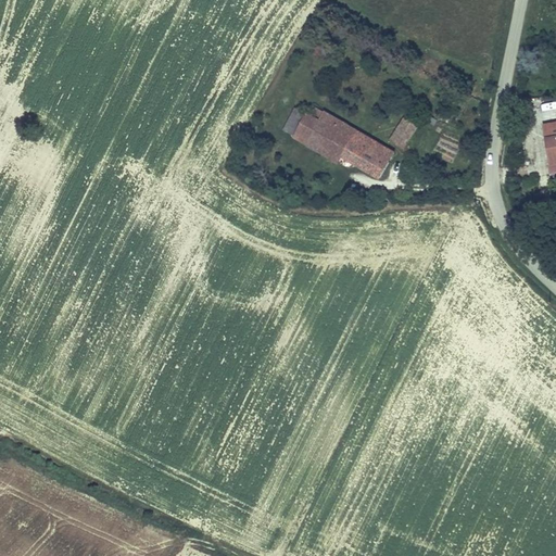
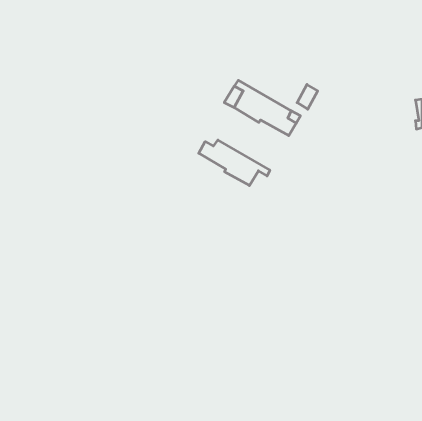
building: none -> [199,140,270,186]

